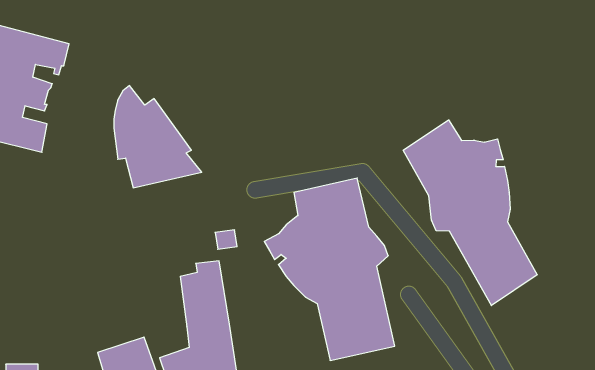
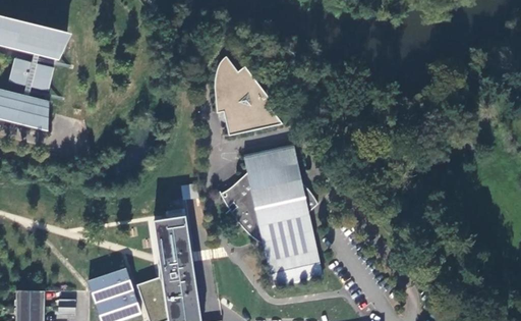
building: [114,86,202,188] -> [214,54,283,135]
building: [403,120,537,306] -> none

